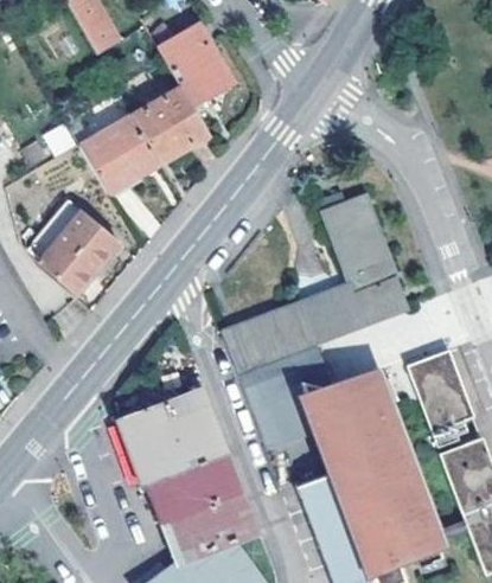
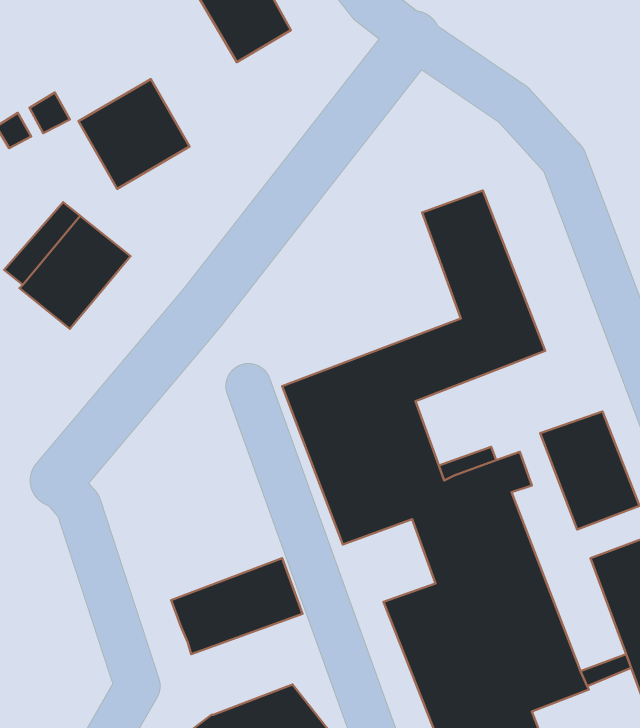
building: [133,87,211,162] -> none
building: [119,387,225,483] -> none
building: [161,491,256,562] -> none

